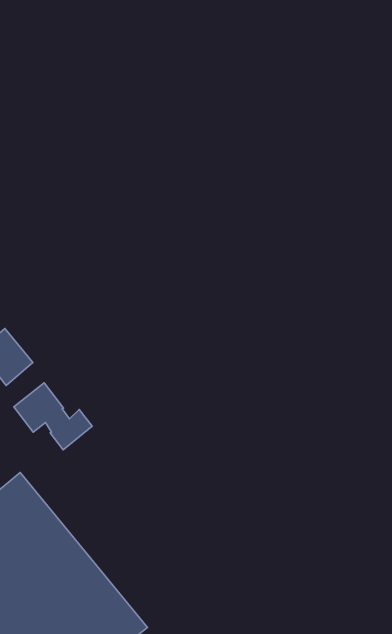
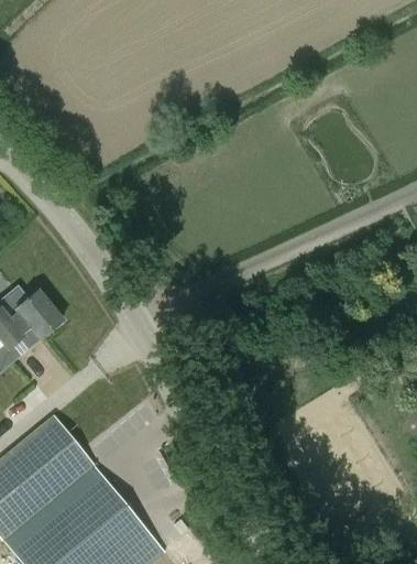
building: [14,383,92,450] -> none

